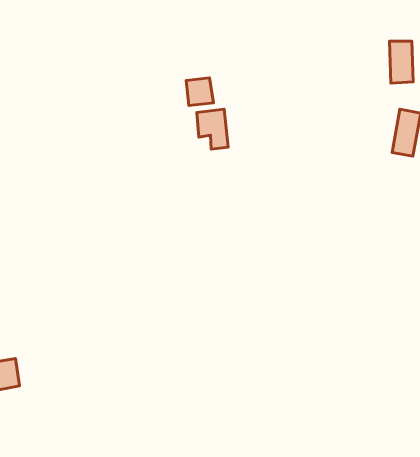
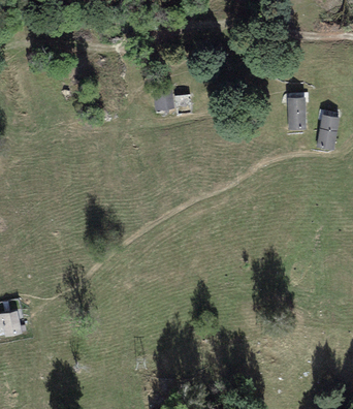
building: [390,41,413,83] -> [287,97,306,130]
building: [197,109,228,149] -> none

